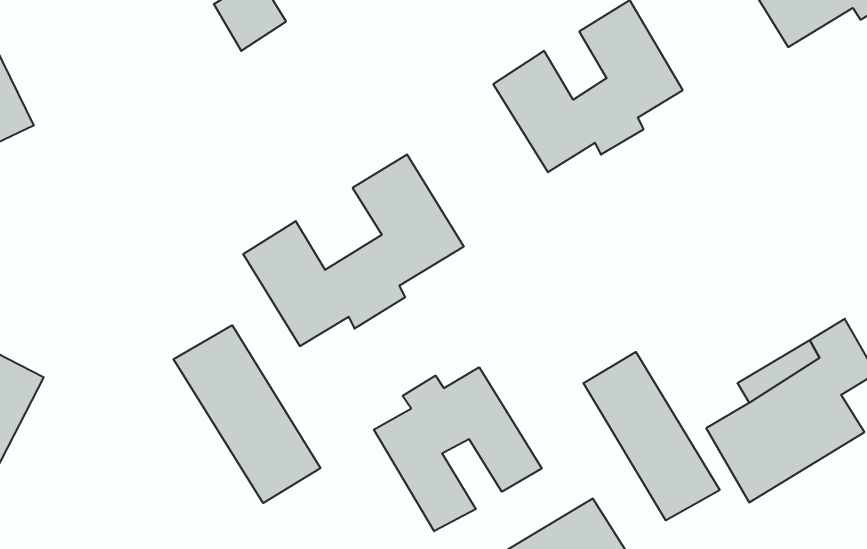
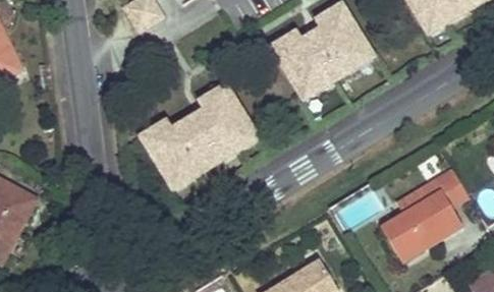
building: [173,325,320,503] -> none
building: [583,352,720,520] -> none
building: [374,367,542,531] -> none

